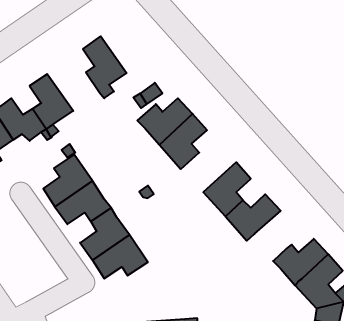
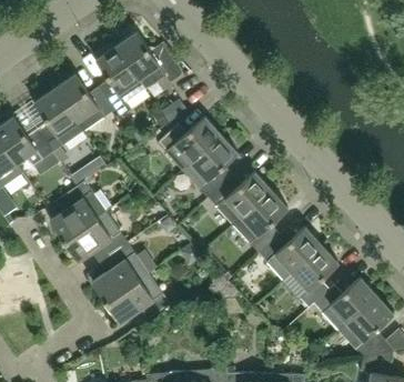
building: none -> [115,32,181,88]
building: none -> [54,74,114,131]
building: none -> [208,172,271,224]
building: none -> [292,245,339,308]

